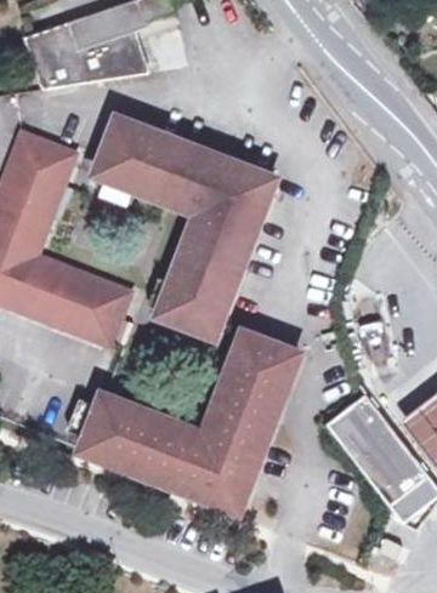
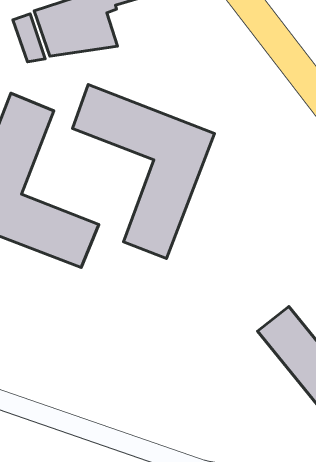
building: [81,335,297,512] -> none

